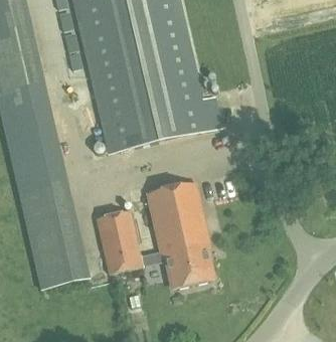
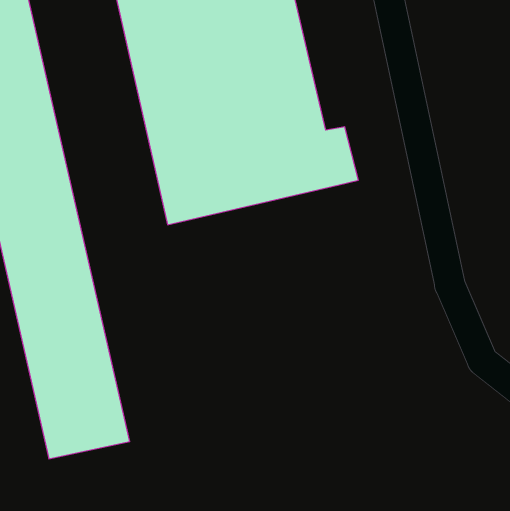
building: [96,180,212,286] -> none

